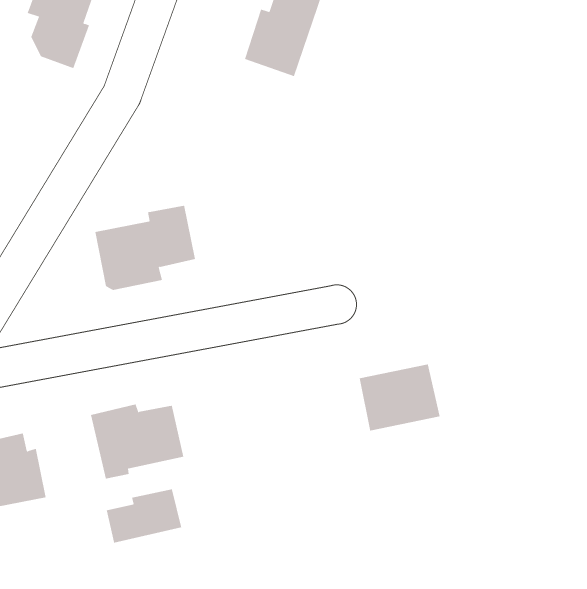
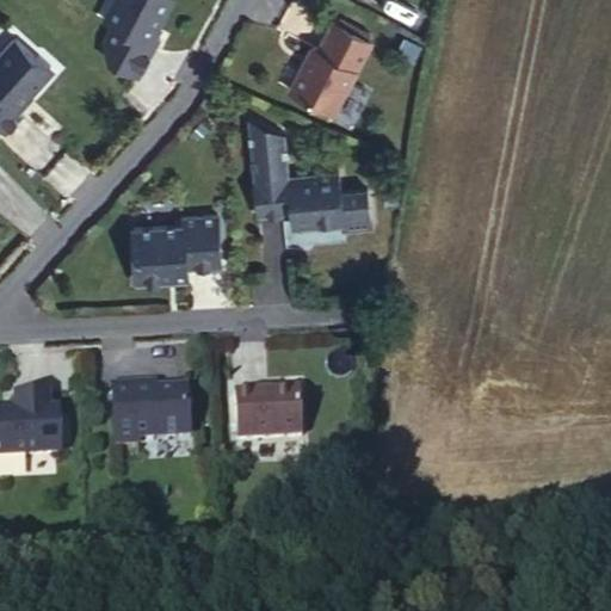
building: none -> [248,113,370,232]
building: [359,364,440,431] -> [230,390,298,443]
building: [106,488,182,544] -> none

